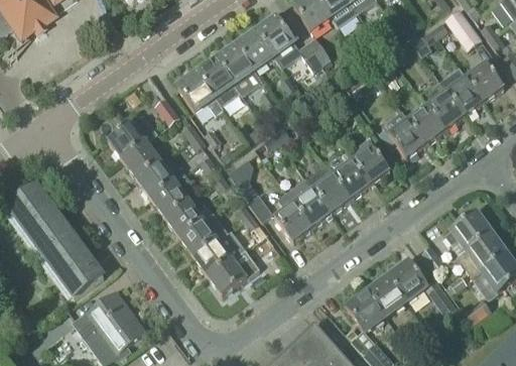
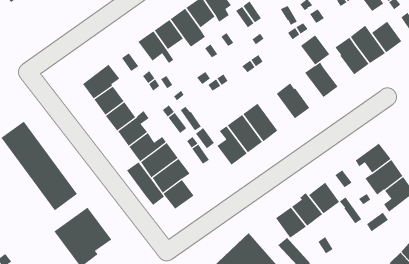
building: [407,105,444,143] -> [300,35,330,65]
building: [326,149,371,198] -> none
building: none -> [126,161,165,206]

